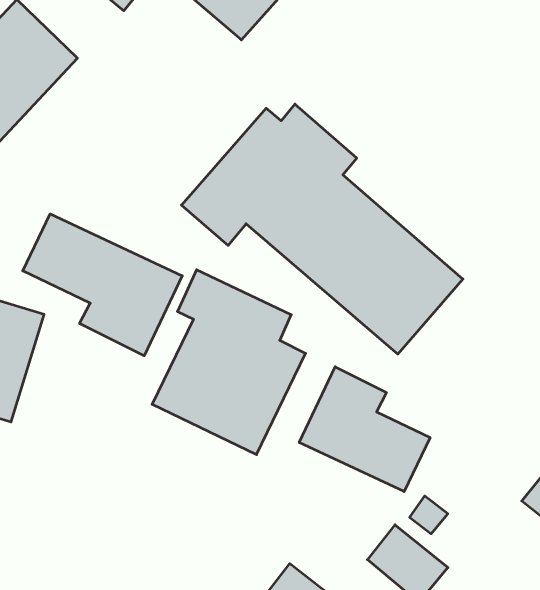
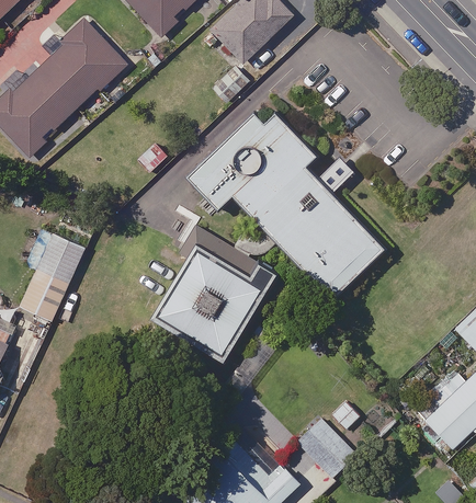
building: [23,214,182,356] -> none
building: [299,367,430,492] -> none

